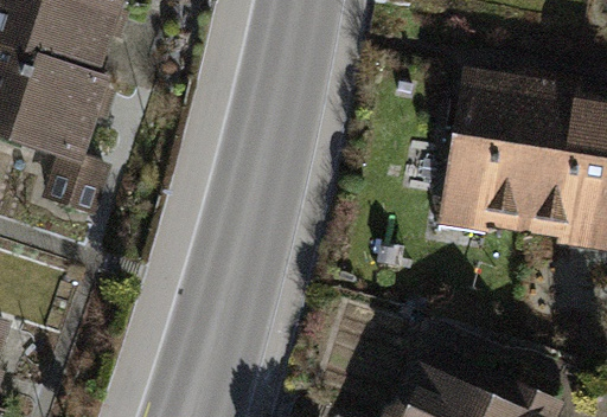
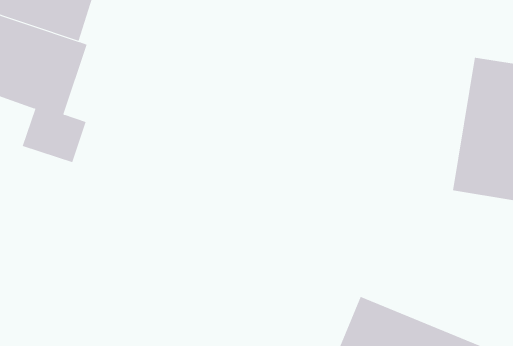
building: [436,75,544,238] -> none

